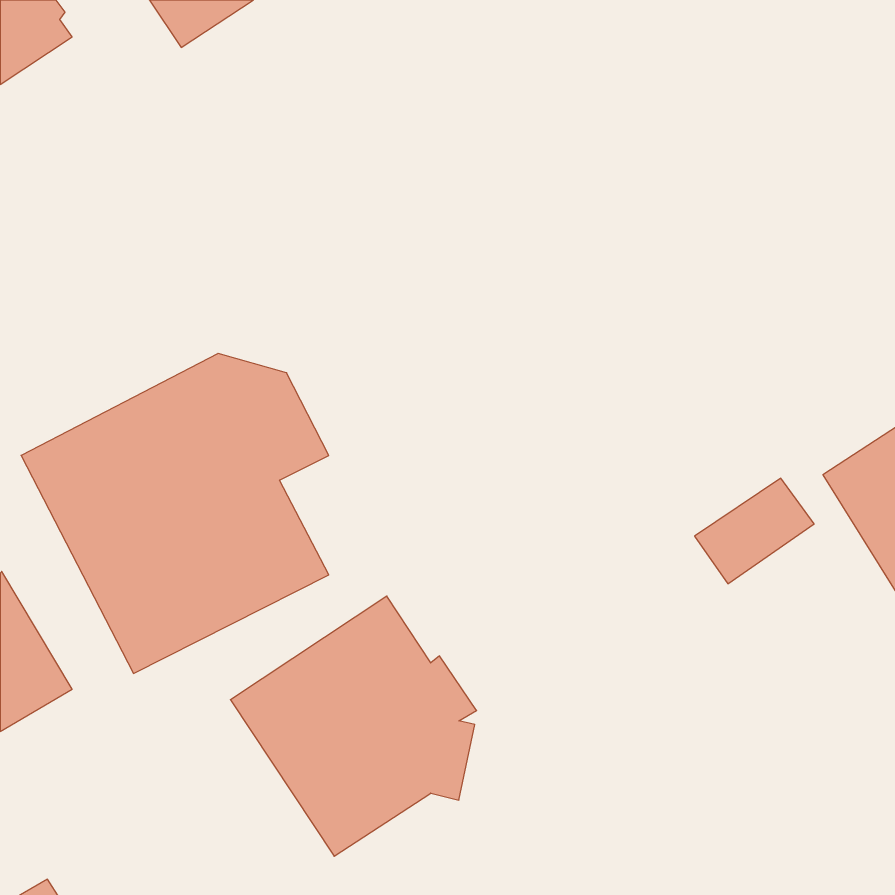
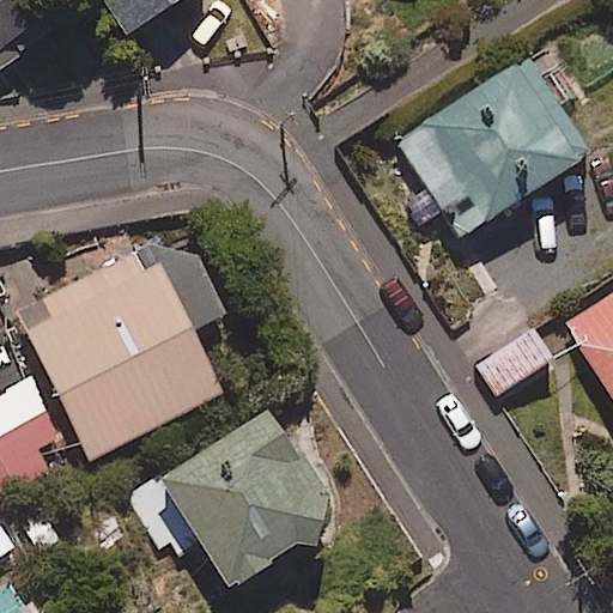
building: none -> [394,55,591,239]

